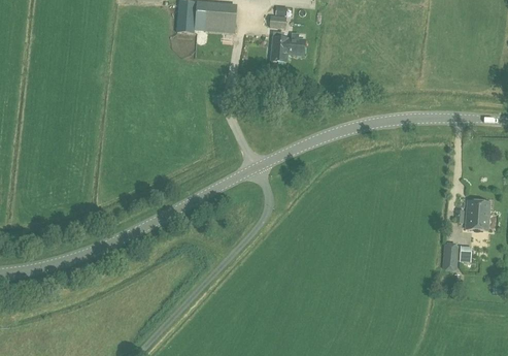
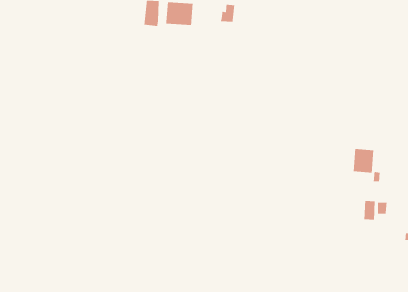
building: [269,33,303,61] -> none
building: [463,199,488,230] -> [353,148,374,174]

